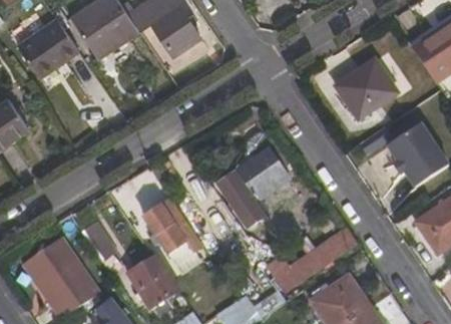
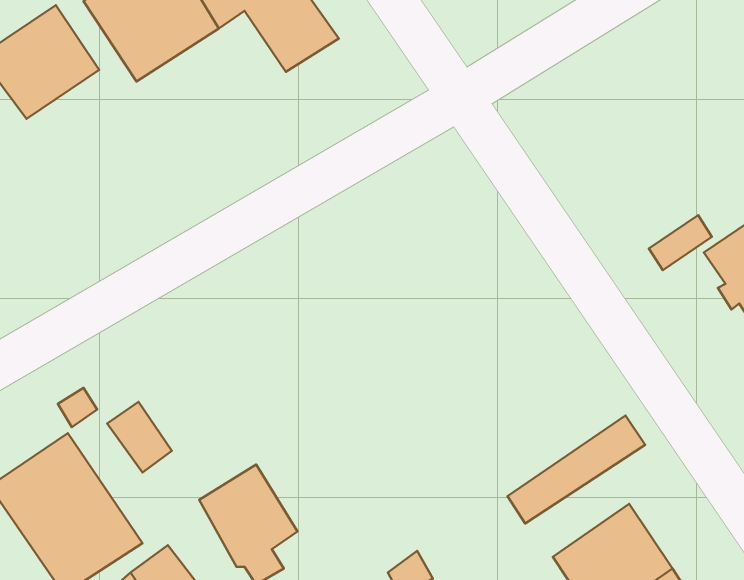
building: [335,58,400,121] -> none
building: [218,148,287,228] -> none
building: [144,198,204,253] -> none

